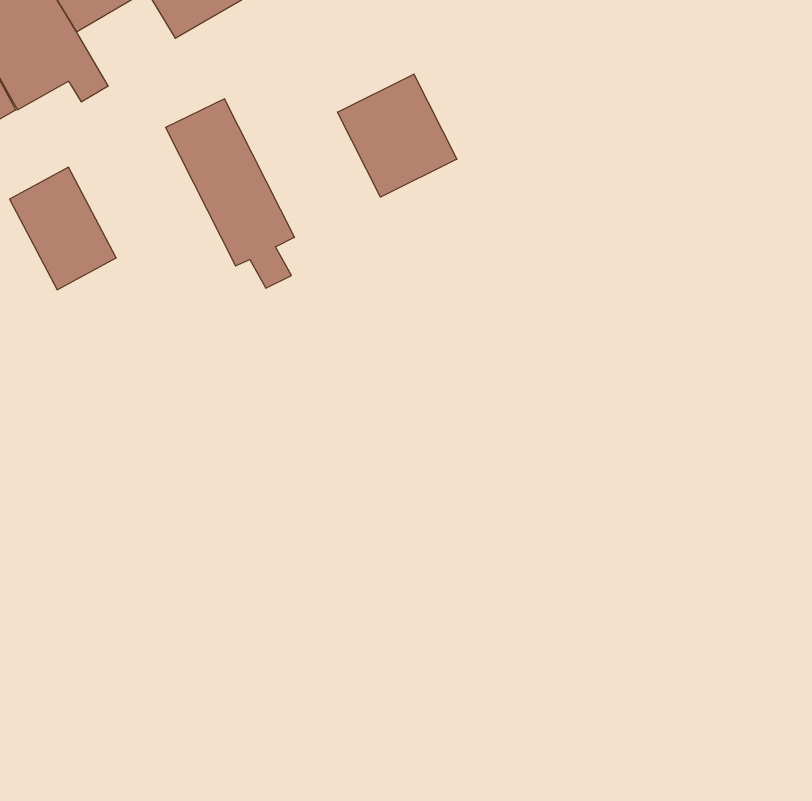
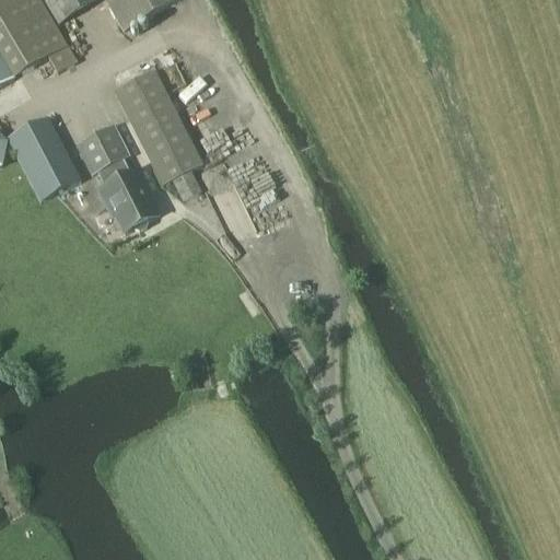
building: [337,74,457,197] -> none
building: none -> [75,124,155,230]

